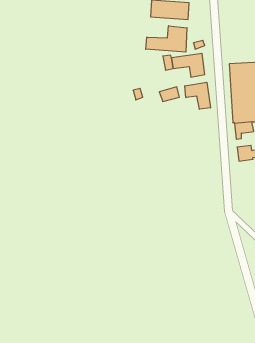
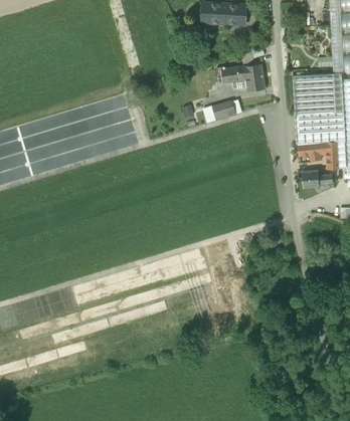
building: [146,26,187,52] -> none
building: [185,82,210,109] -> none

